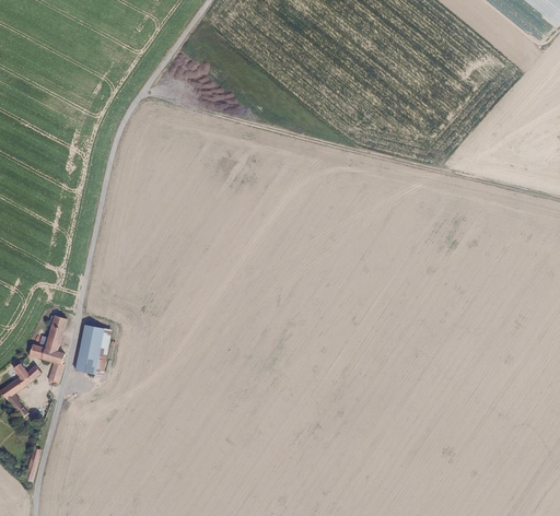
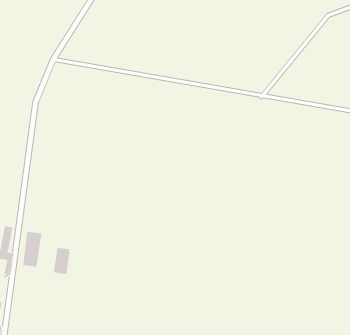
building: none -> [53,247,70,275]

